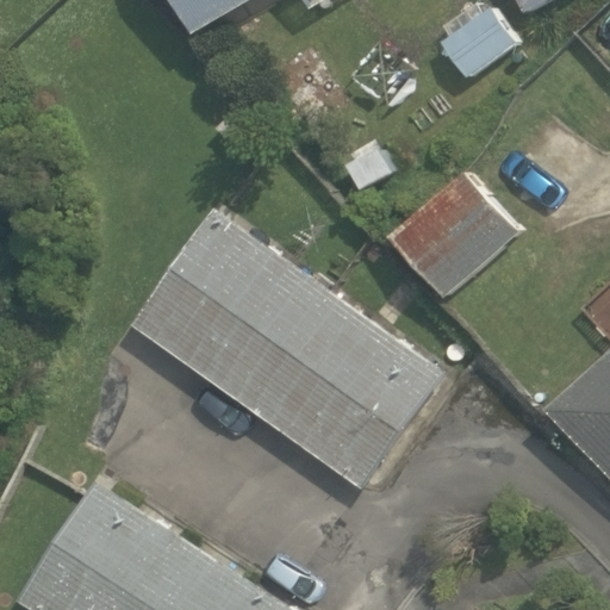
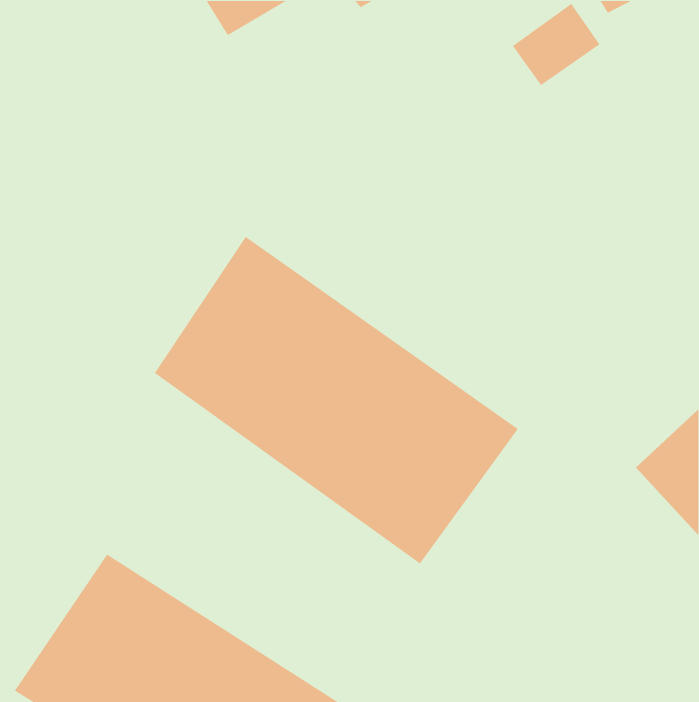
building: [387,170,518,300] -> none

